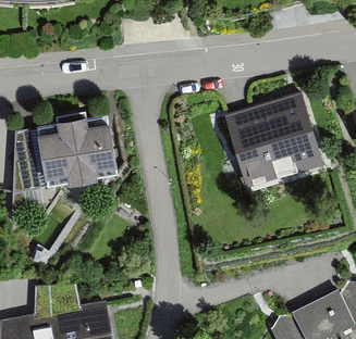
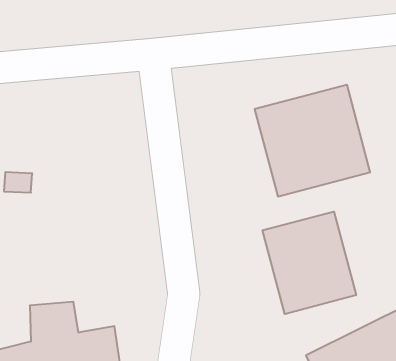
building: [36,117,118,190] -> none
building: none -> [263,212,356,314]

